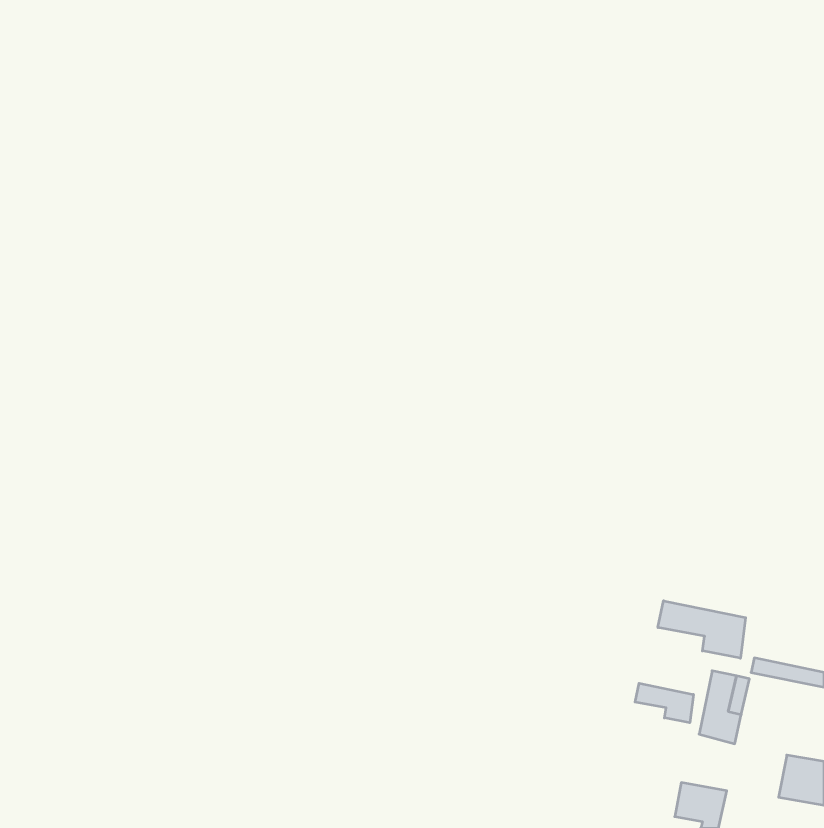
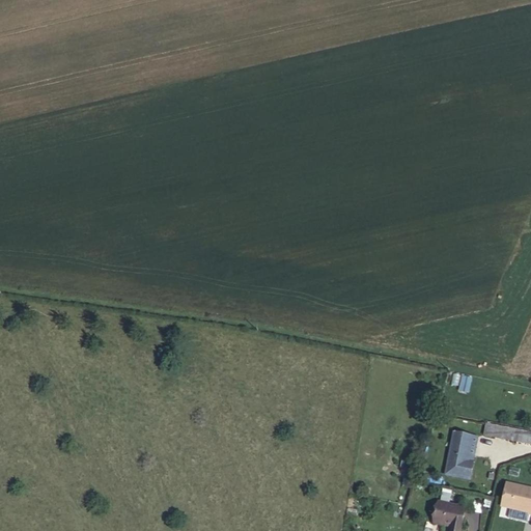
building: [658,601,746,658] -> none
building: [635,683,693,723] -> none

